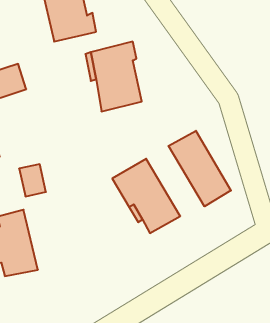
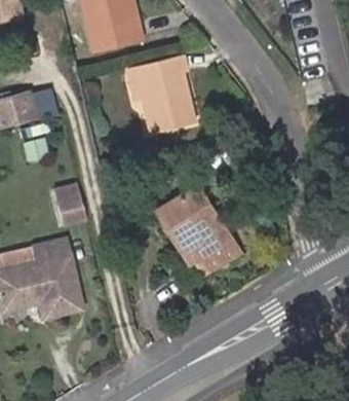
building: [168,131,231,206] -> none

